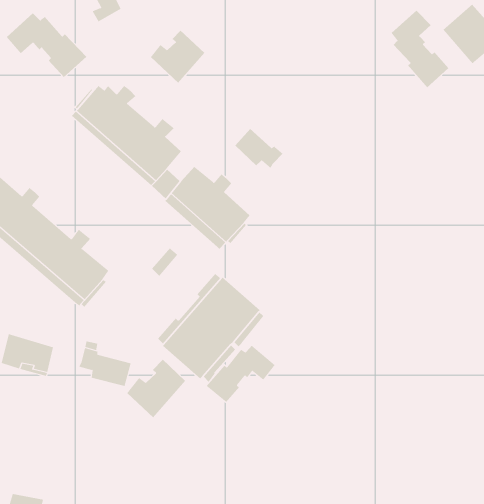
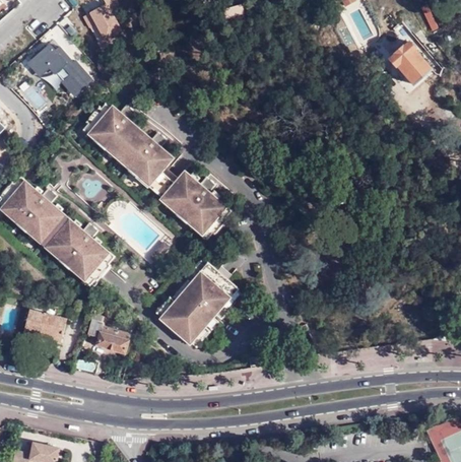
building: [391,10,449,88] -> none
building: [150,30,205,84] -> none
building: [234,128,283,169] -> none
building: [206,345,275,403] -> none
building: [127,359,186,418] -> none

